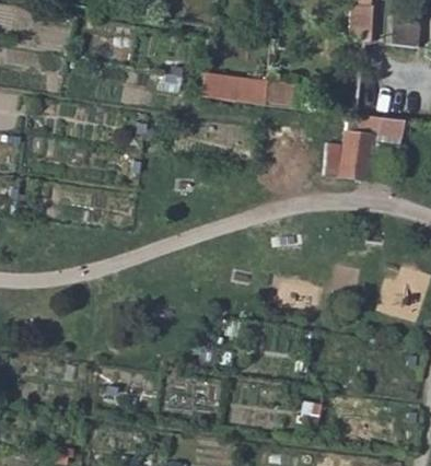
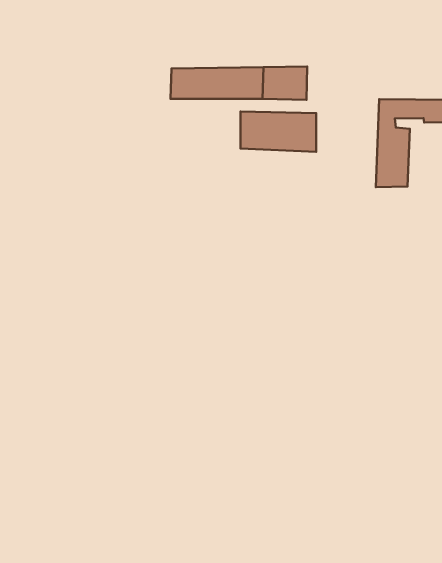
building: none -> [241,111,316,152]

